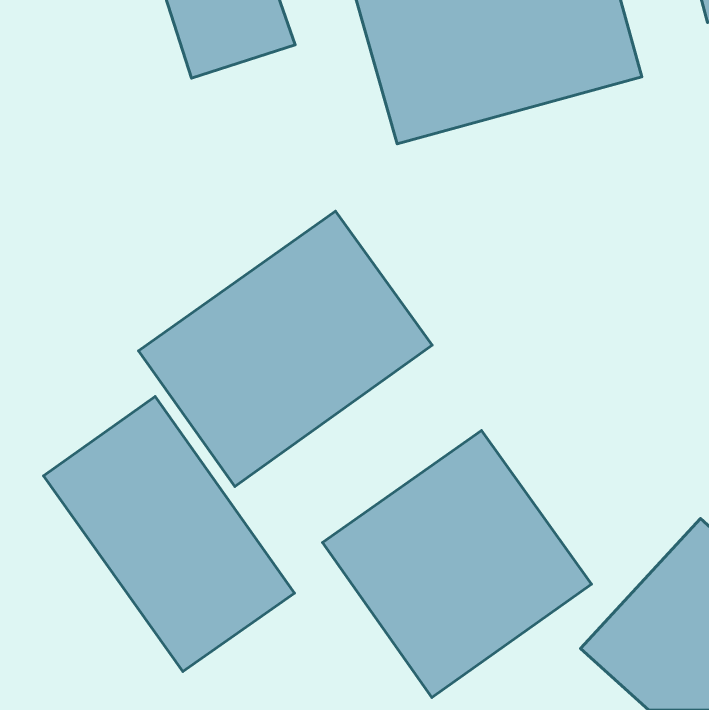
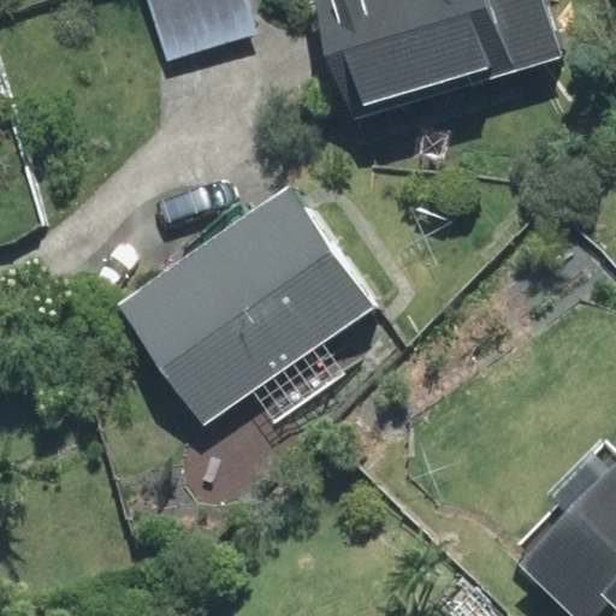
building: [43,396,294,672] -> none
building: [323,430,591,698] -> none

